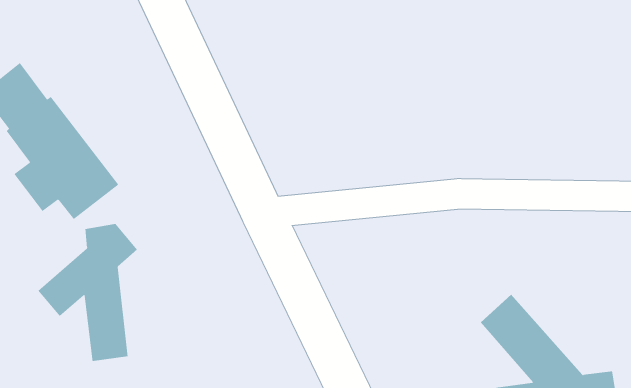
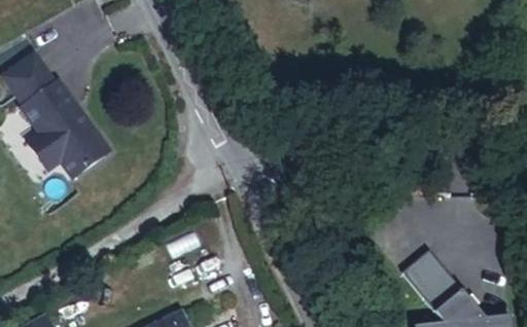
building: [37,223,138,362] -> none

